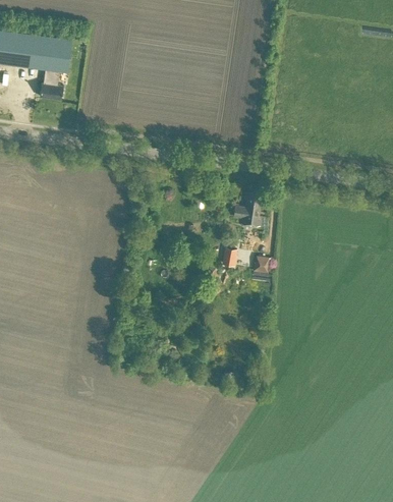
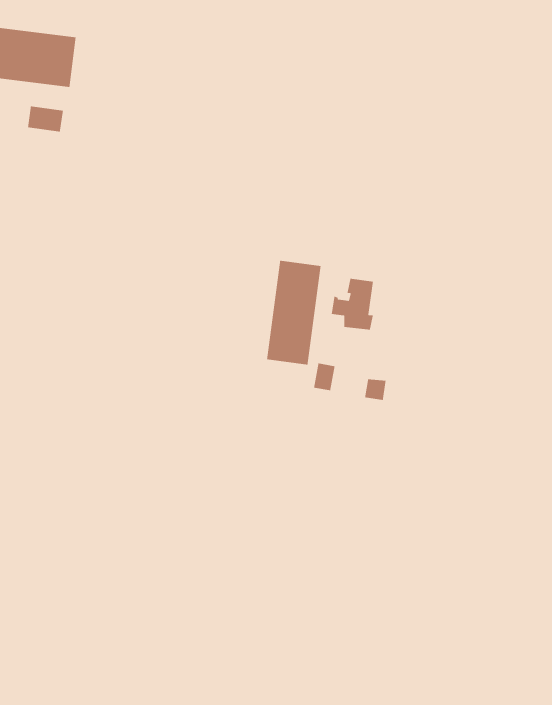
building: none -> [266,260,322,365]

